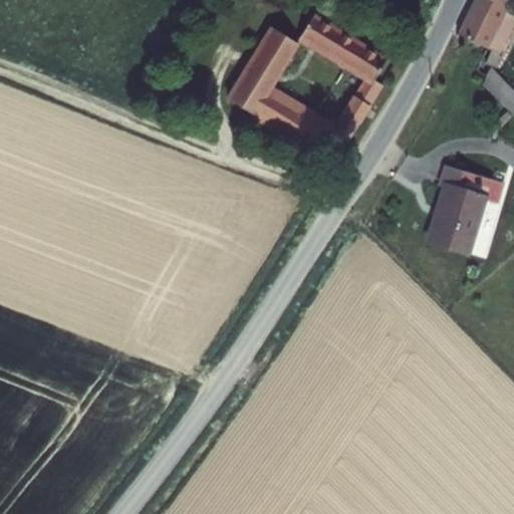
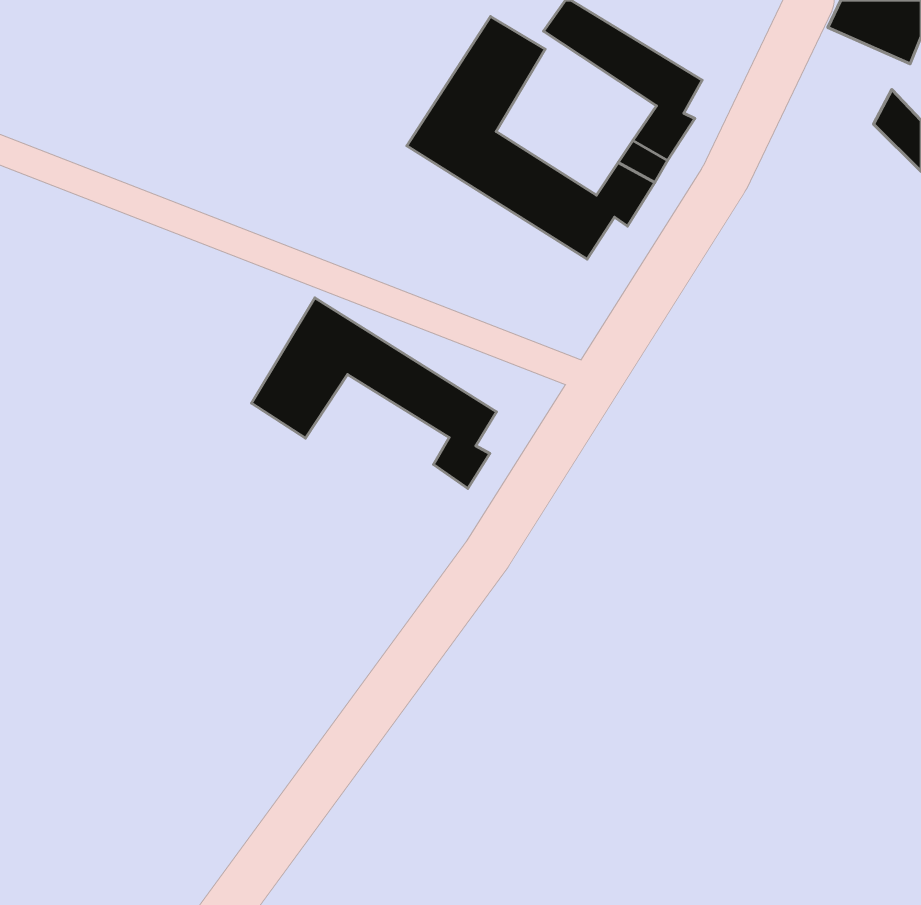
building: [440,172,503,259] -> none
building: none -> [252,298,496,488]

